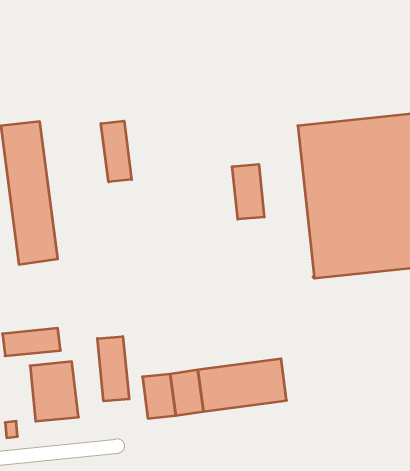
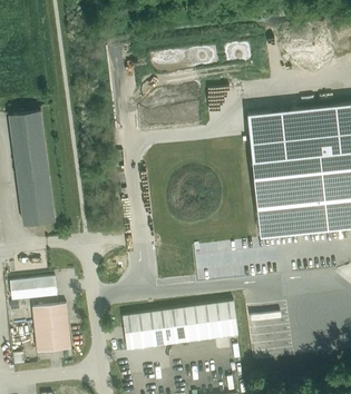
building: [101,121,132,182] -> none
building: [232,164,264,219] -> none
building: [97,336,129,401] -> none

